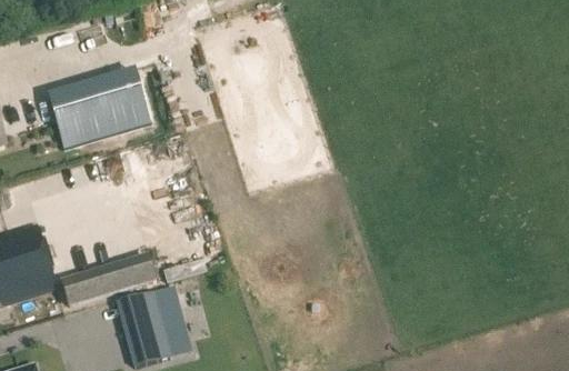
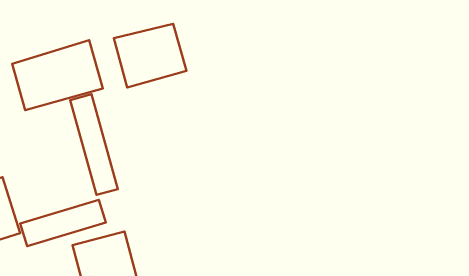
building: none -> [114,24,186,87]
building: none -> [70,94,118,195]

